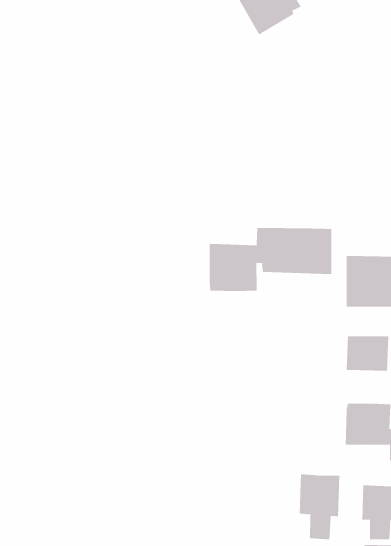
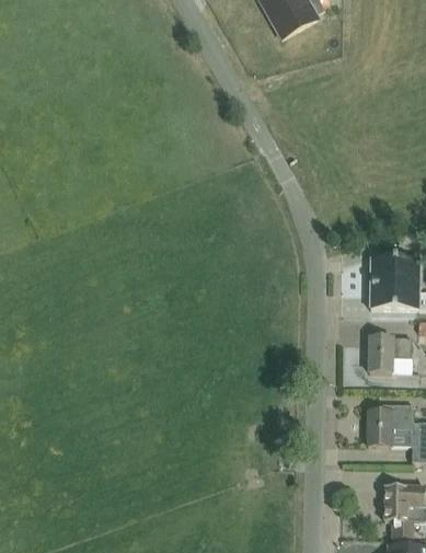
building: [209,227,332,292] -> none
building: [299,474,340,540] -> none

